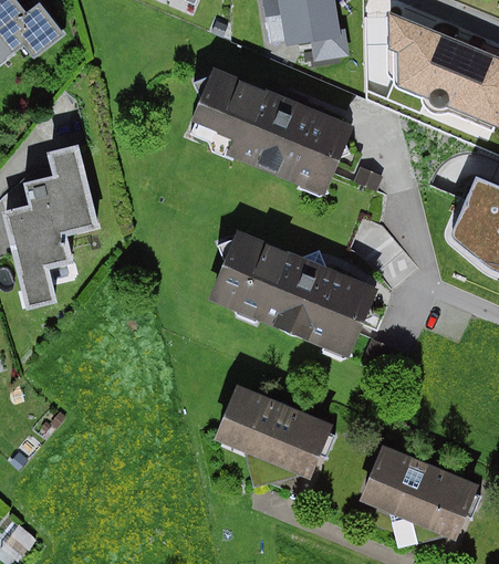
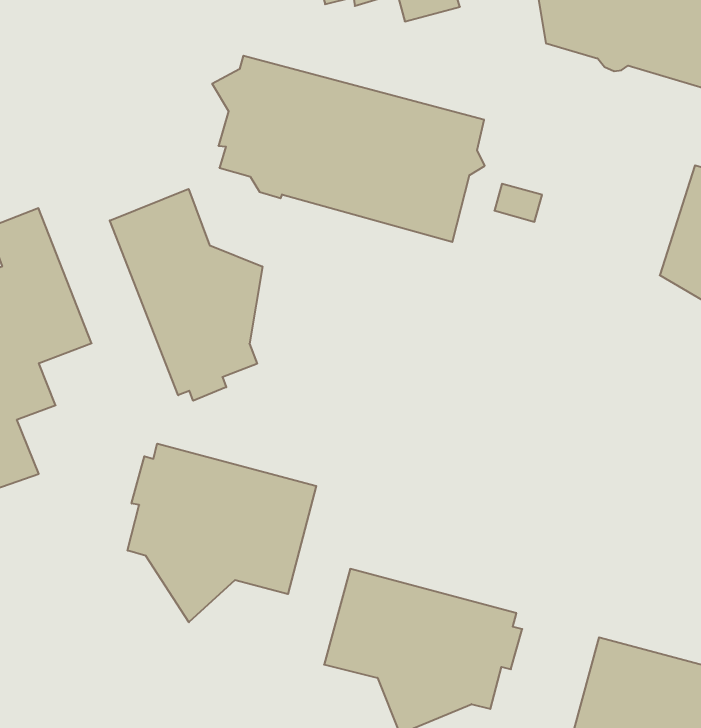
building: none -> [110,189,262,401]
building: [208,229,378,357] -> none
building: none -> [128,444,316,622]

